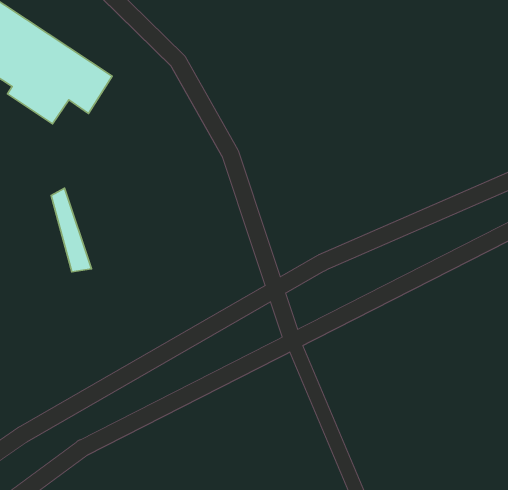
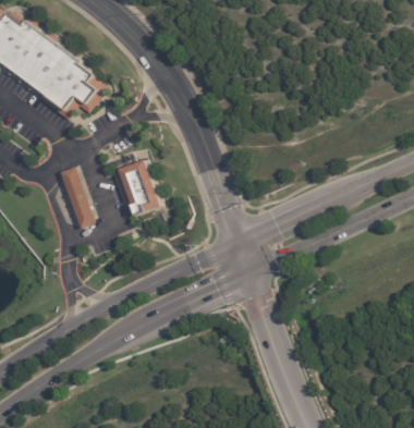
building: none -> [119,158,162,213]

